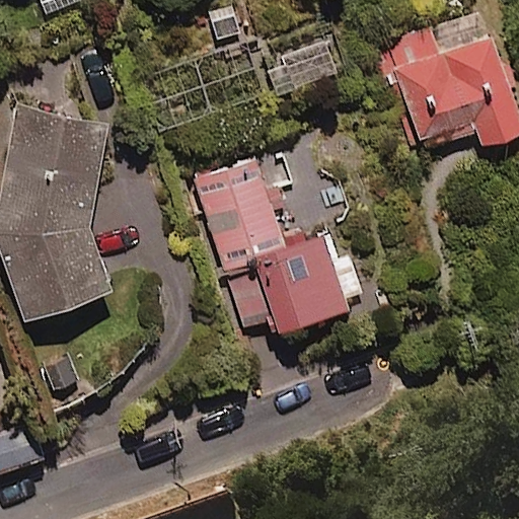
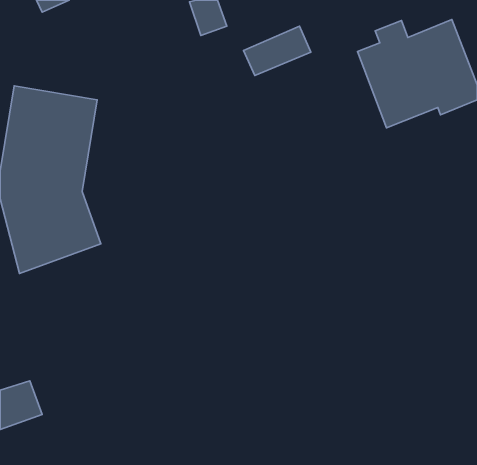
building: [194,167,363,337] -> none

